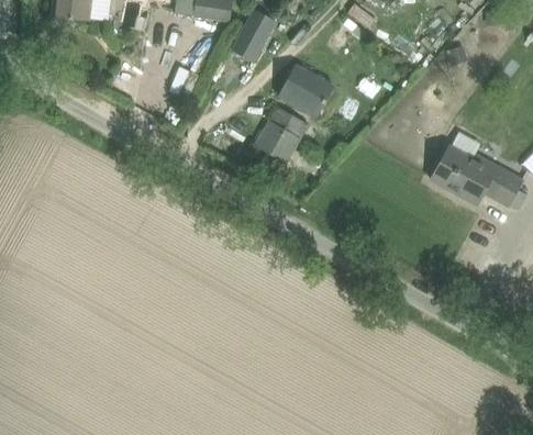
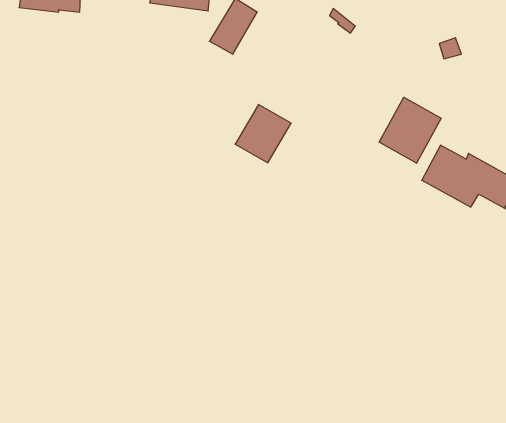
building: [278,65,334,116] -> none
building: none -> [379,97,441,163]

